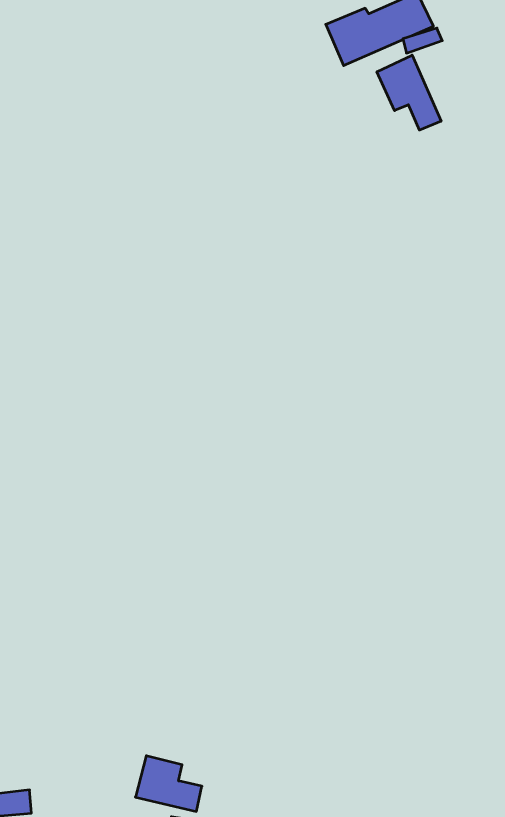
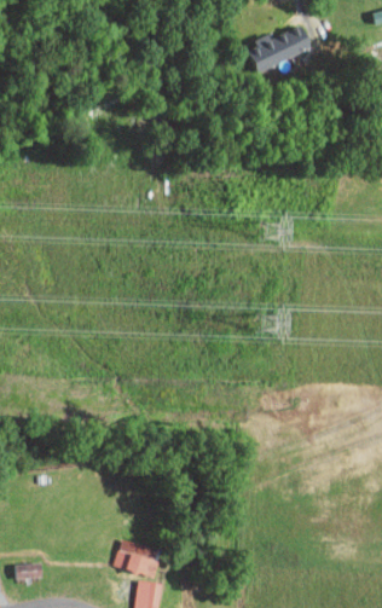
building: [377,55,441,130] -> none

